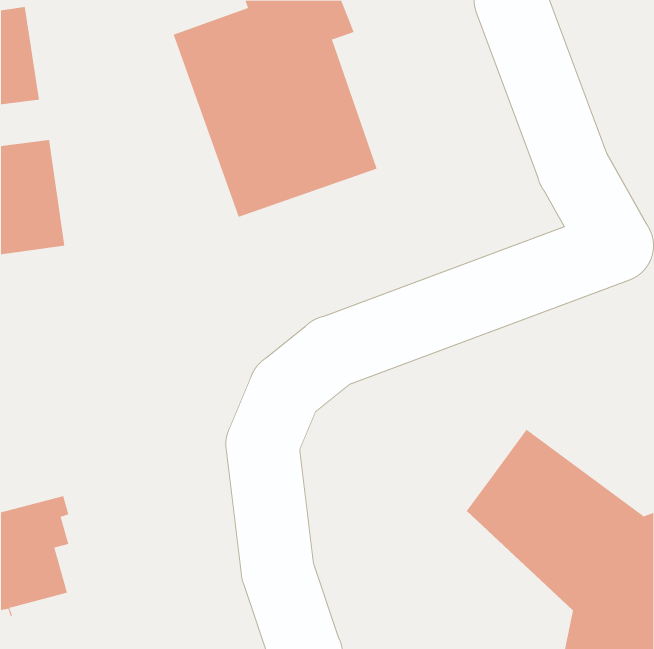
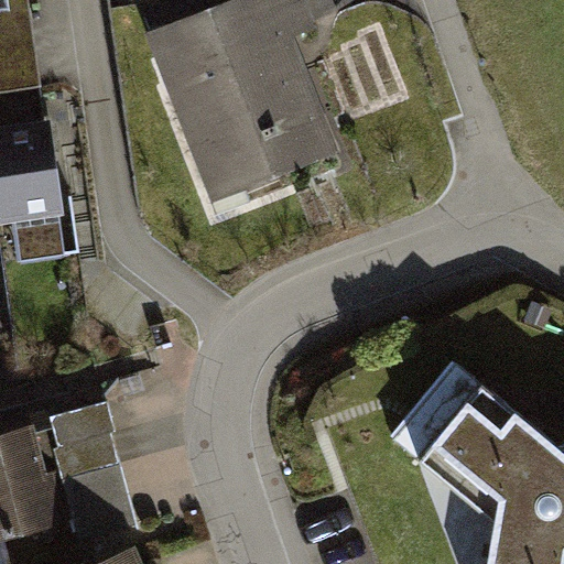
building: none -> [52,404,139,543]

